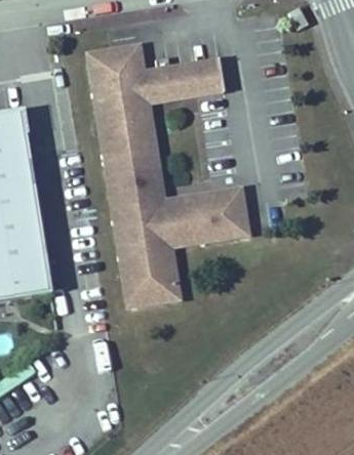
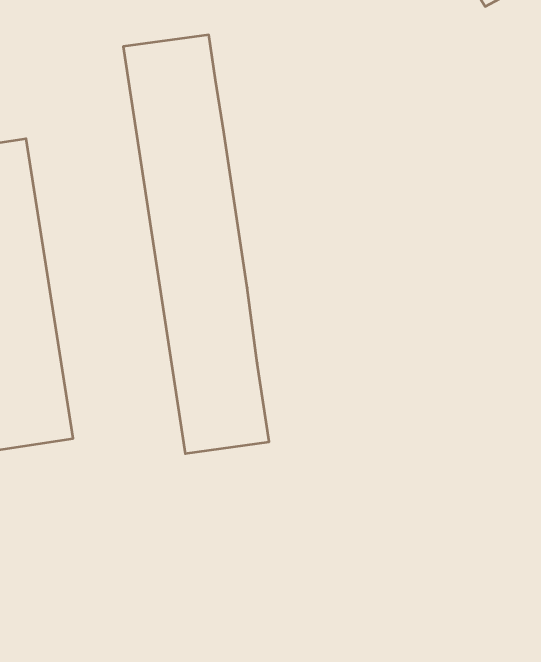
building: [142,60,221,104] -> none
building: [161,187,245,245] -> none

